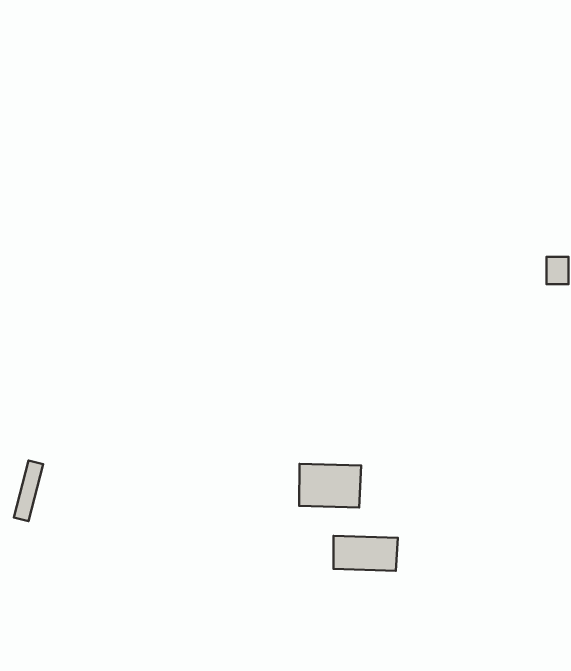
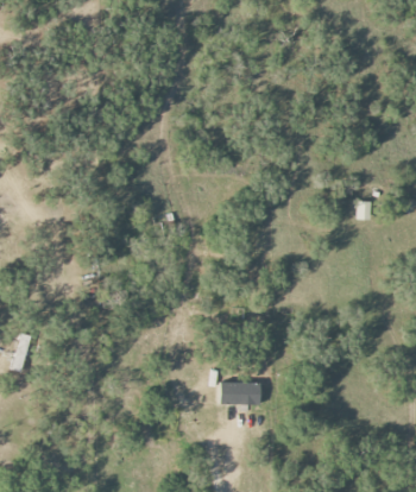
building: [299,464,361,508] -> none

